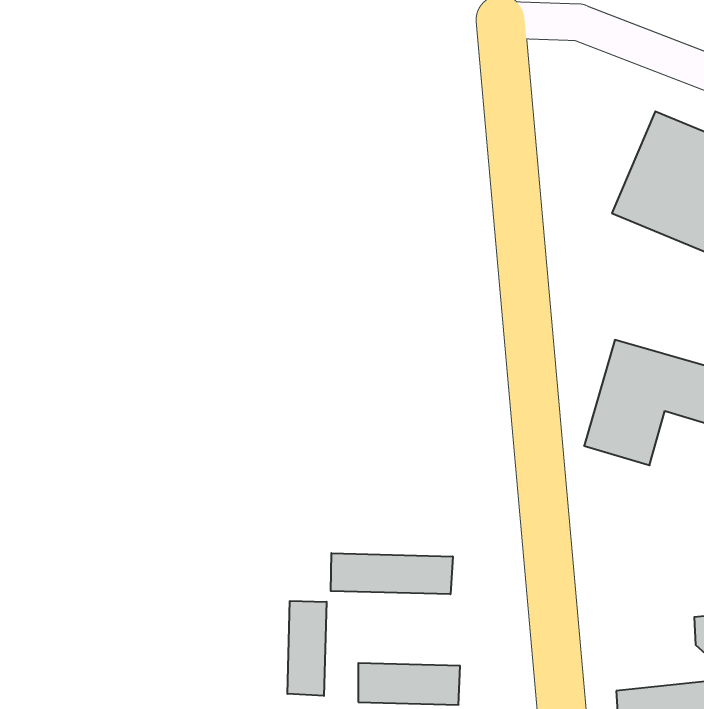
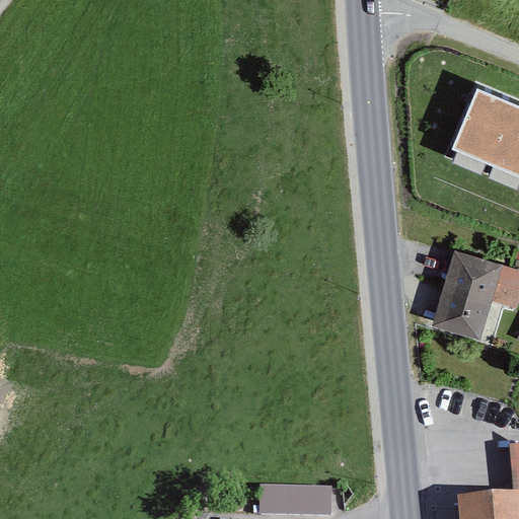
building: [331,553,453,594] -> none
building: [287,601,327,696] -> none

